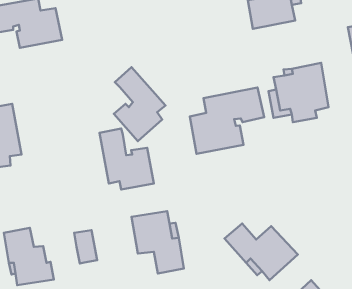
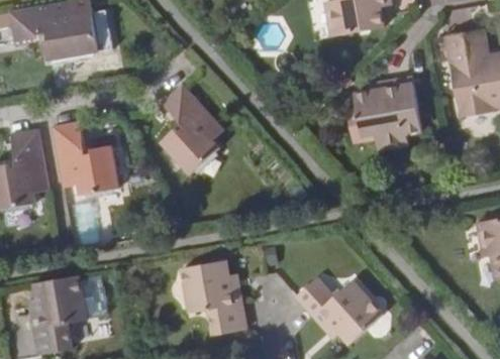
building: [190,87,264,154] -> none
building: [100,129,154,189] -> [54,121,119,195]
building: [74,230,97,263] -> [73,280,101,321]

